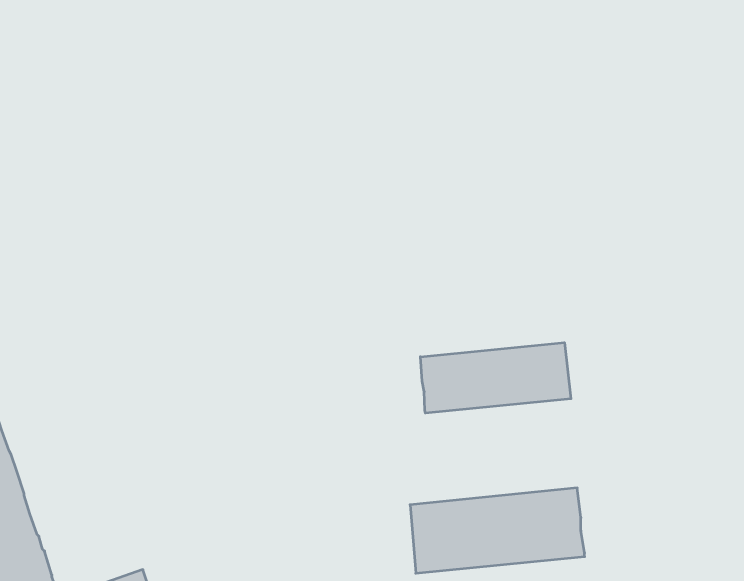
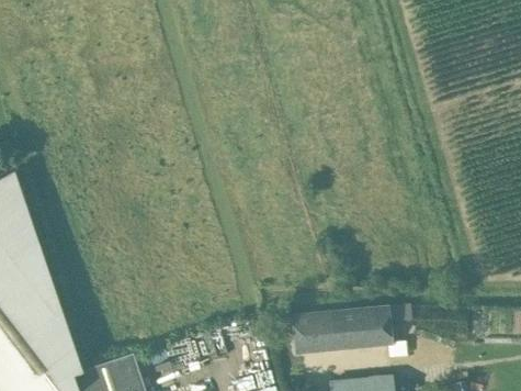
building: [420,343,571,413] -> none

